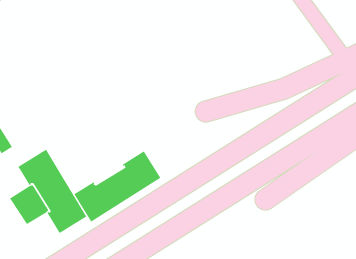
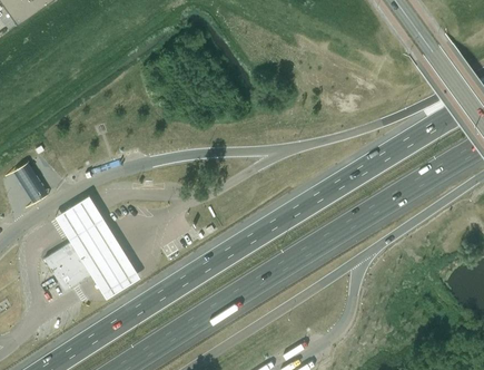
building: [74,151,161,223] -> none

